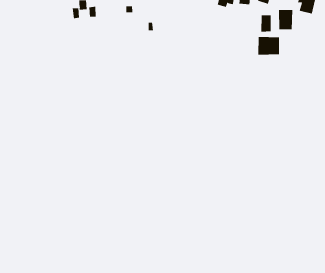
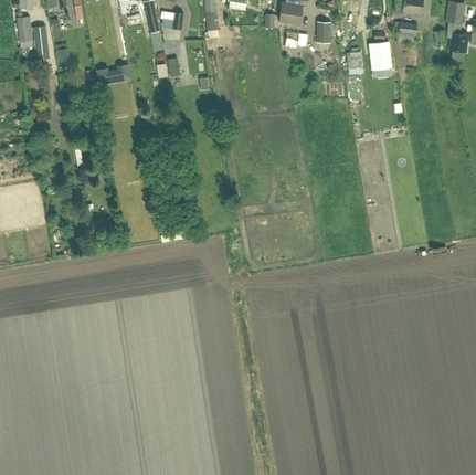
building: [258,36,280,56] -> none

